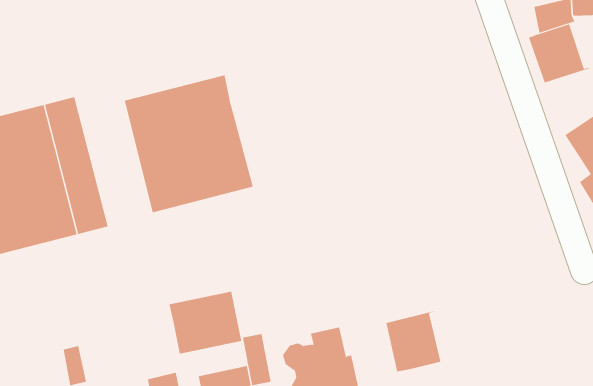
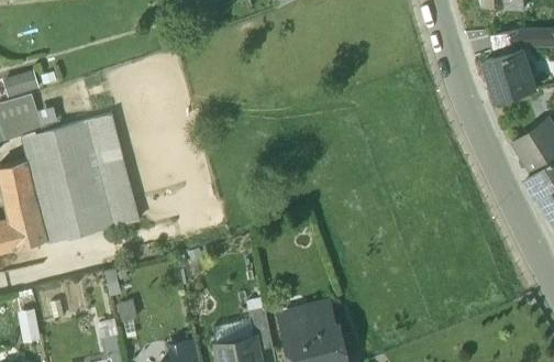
building: [124,74,253,213] -> none
building: [169,291,242,354] -> none
building: [386,311,447,372] -> none

